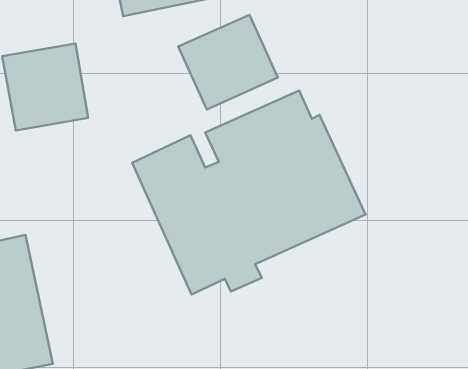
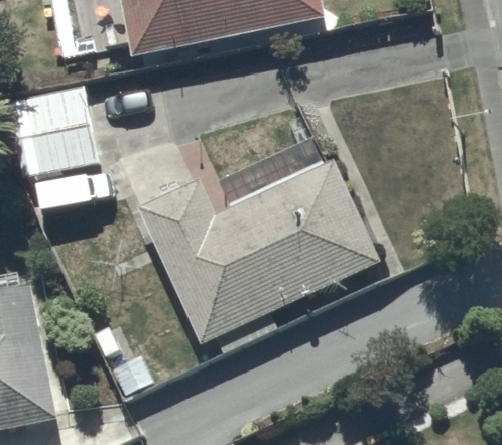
building: [178,15,278,110] -> none

